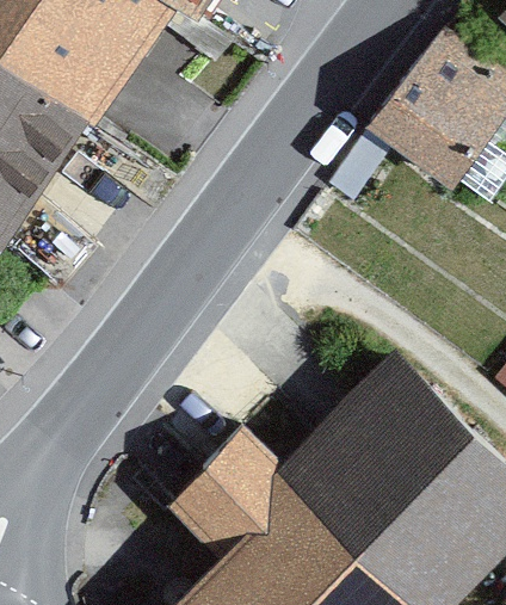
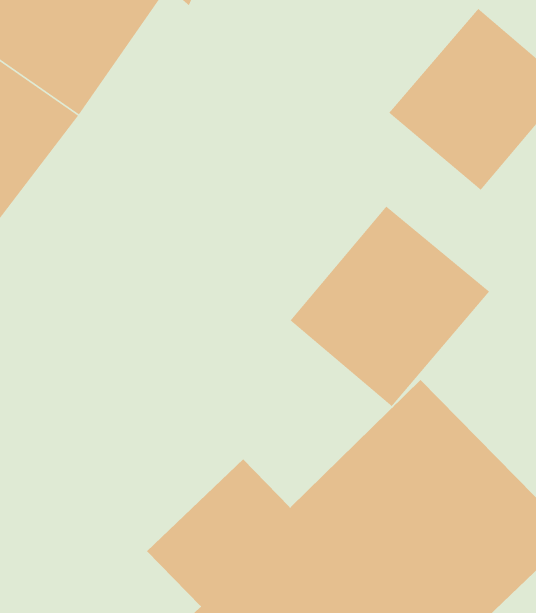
building: none -> [290,205,490,407]

